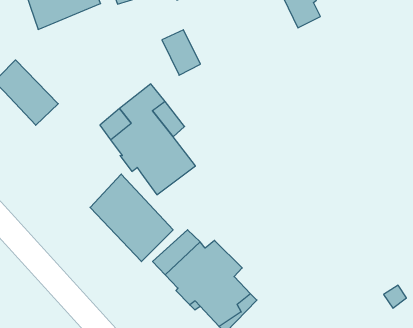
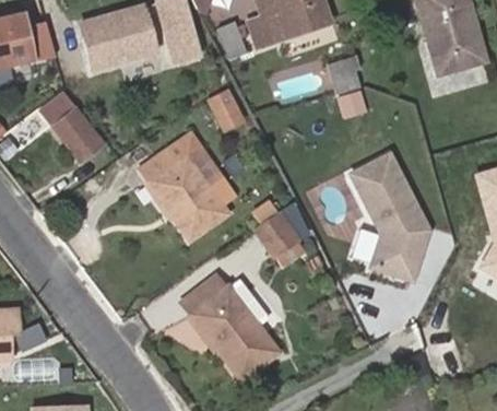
building: none -> [346,149,433,283]
building: none -> [252,218,294,261]
building: [90,174,173,262] -> none

